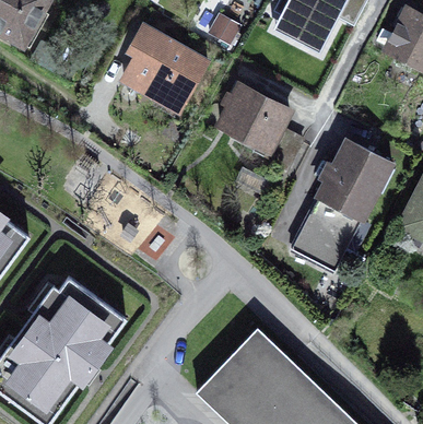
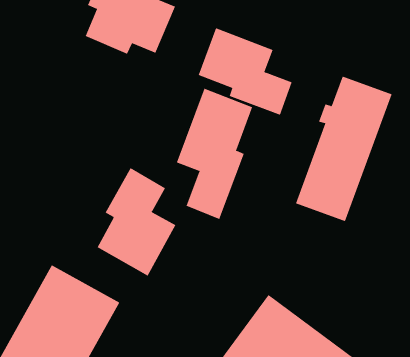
building: none -> [176,88,253,220]
building: none -> [97,167,176,277]

